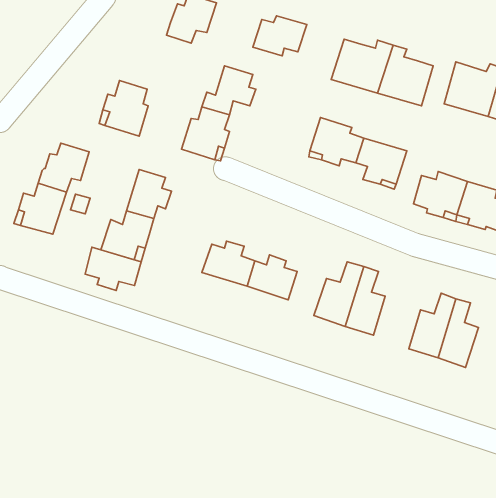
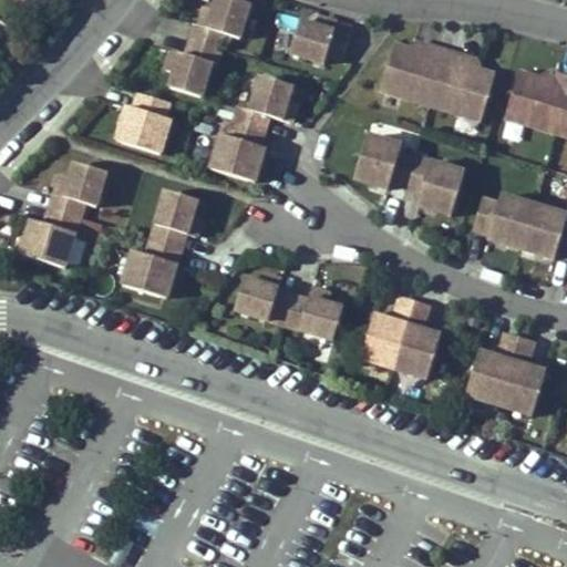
building: none -> [167,40,221,97]
building: [85,247,141,291] -> none

